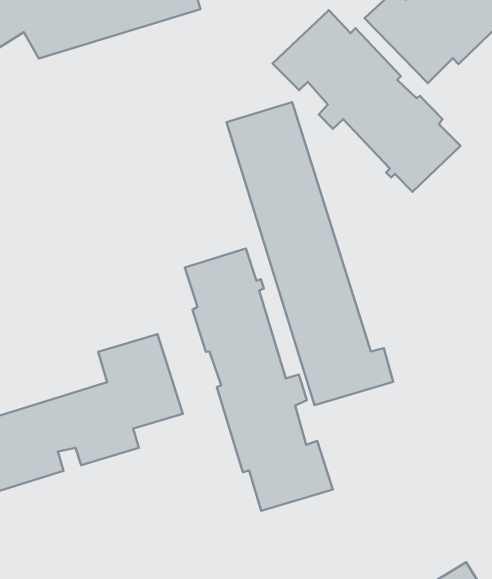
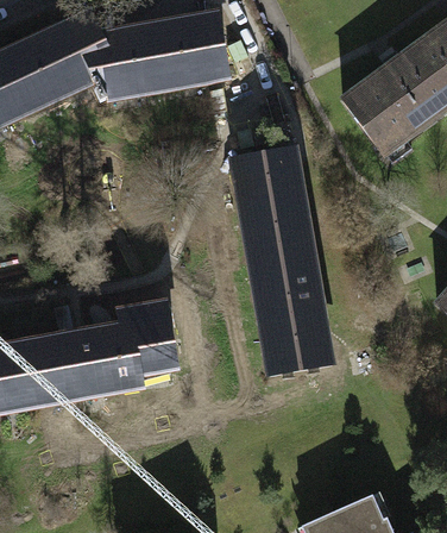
building: [273,10,460,192] -> none
building: [185,248,333,511] -> none

